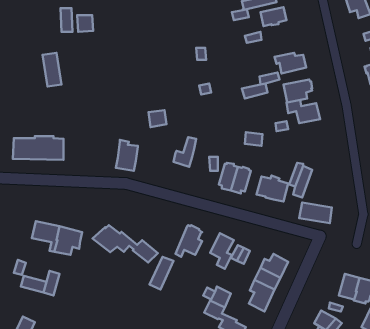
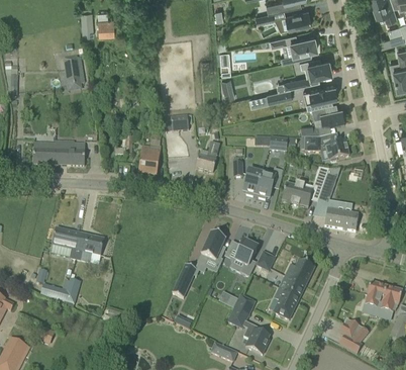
building: none -> [280,34,317,62]
building: none -> [305,136,348,161]
building: [93,225,158,263] -> none

